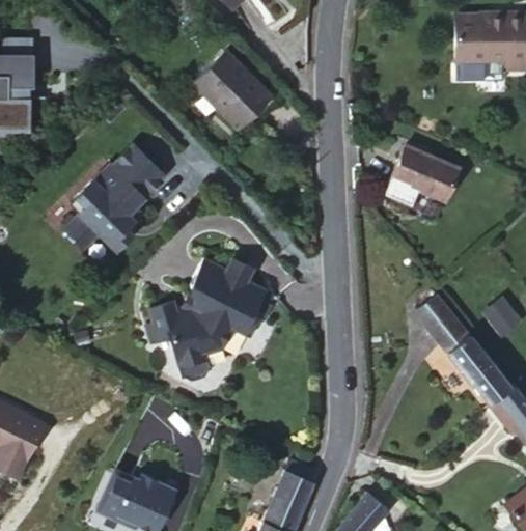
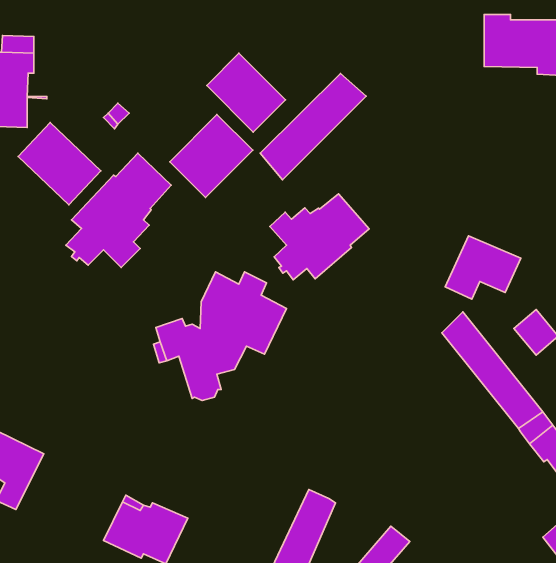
building: none -> [260,73,366,180]
building: none -> [170,114,253,197]
building: none -> [18,123,101,205]
building: [387,147,458,206] -> [445,236,521,299]
building: none -> [270,194,369,280]

